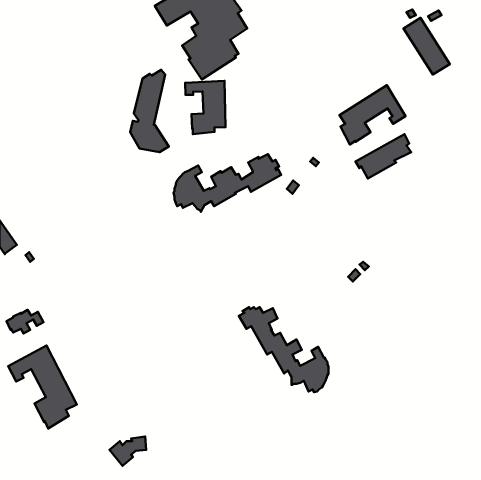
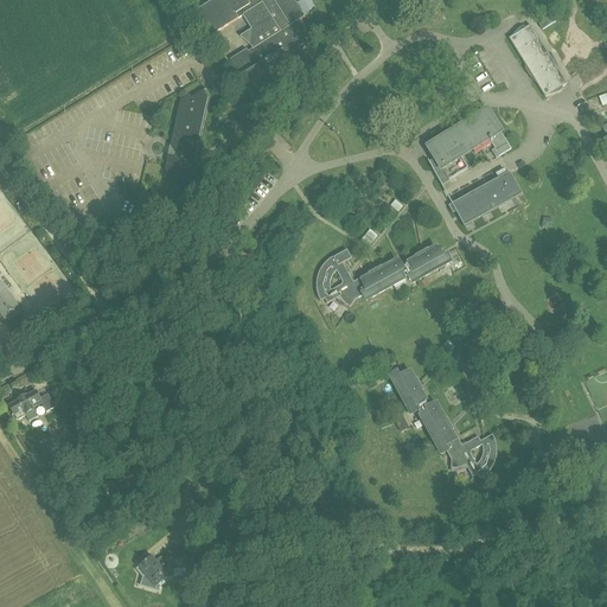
building: [185,81,225,134] -> none
building: [173,154,281,212] -> [314,232,449,305]
building: [239,307,328,392] -> [383,369,496,475]
building: [8,345,77,429] -> none

